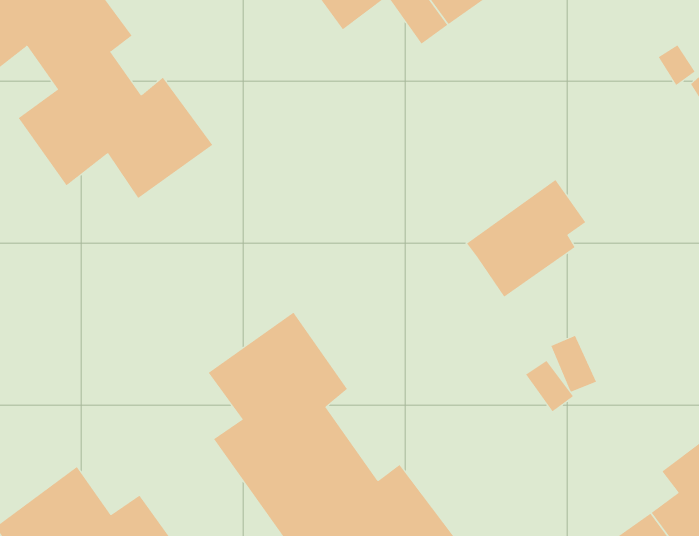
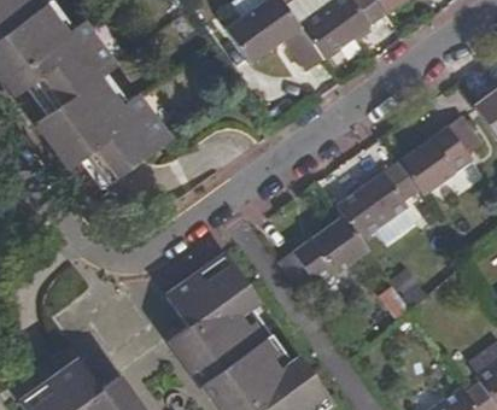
building: none -> [397,115,484,198]
building: none -> [279,216,368,292]

